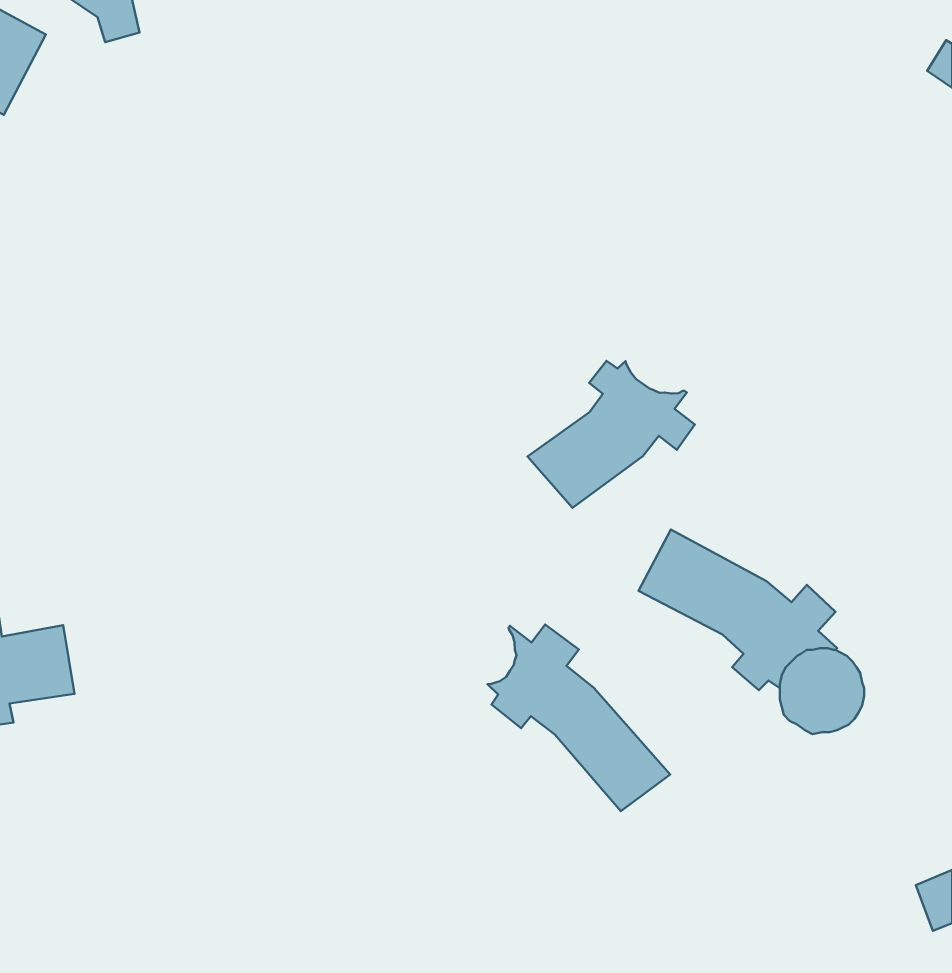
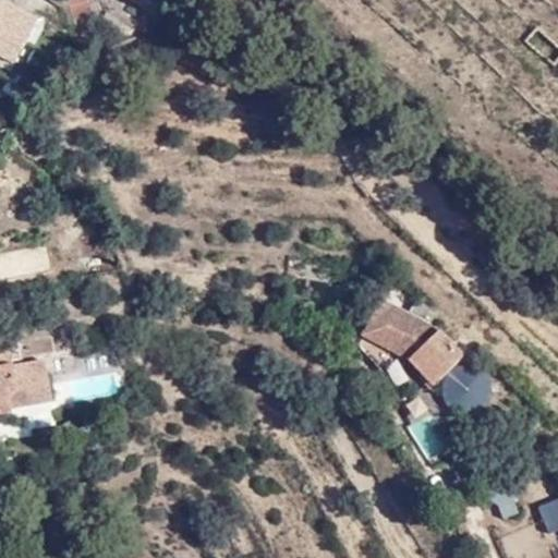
building: [528,361,695,508] -> none
building: [488,625,670,811] -> none

